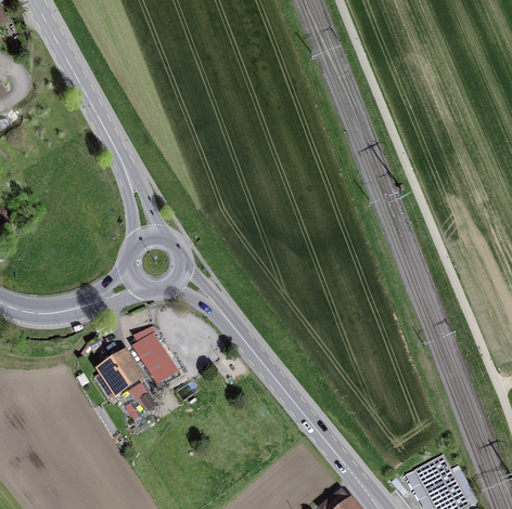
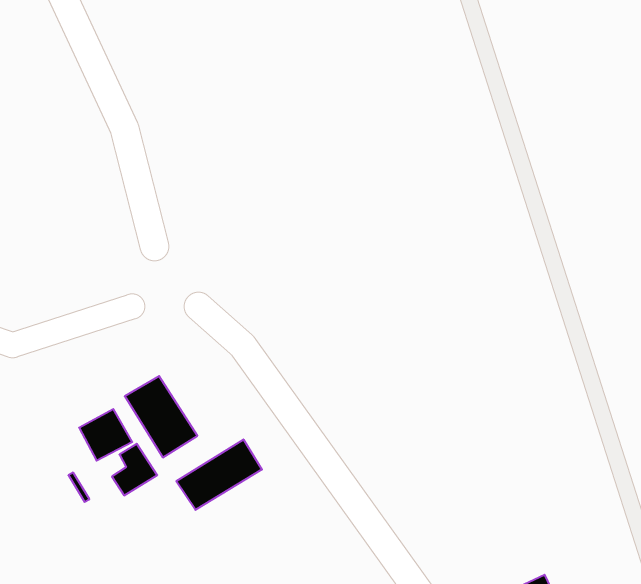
building: none -> [176,439,262,510]

